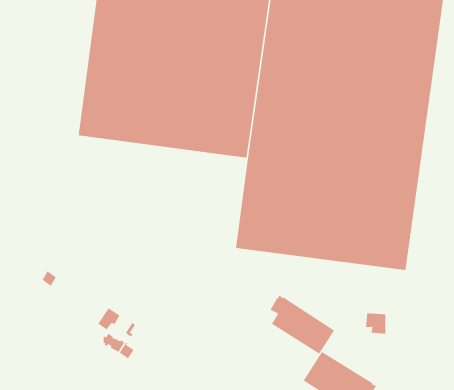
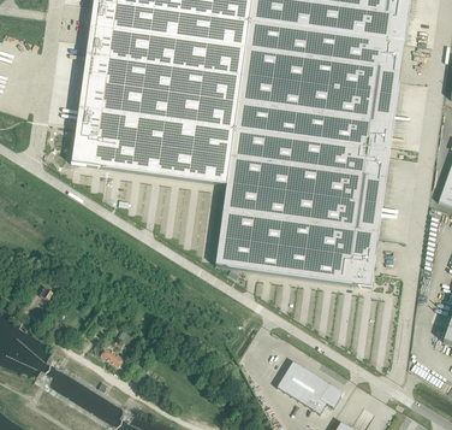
building: [270,294,335,355] -> none

